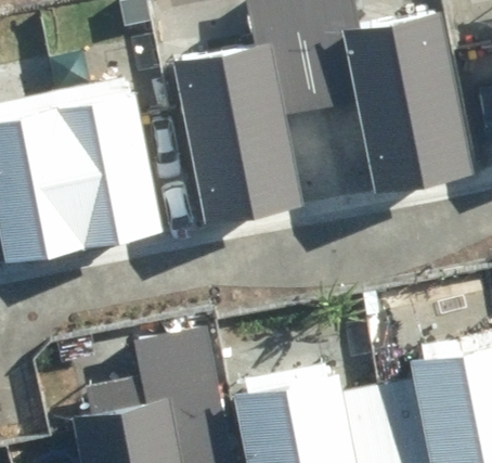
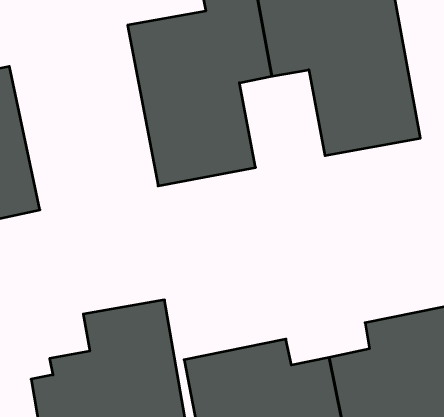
building: [55,80,163,240] -> none

